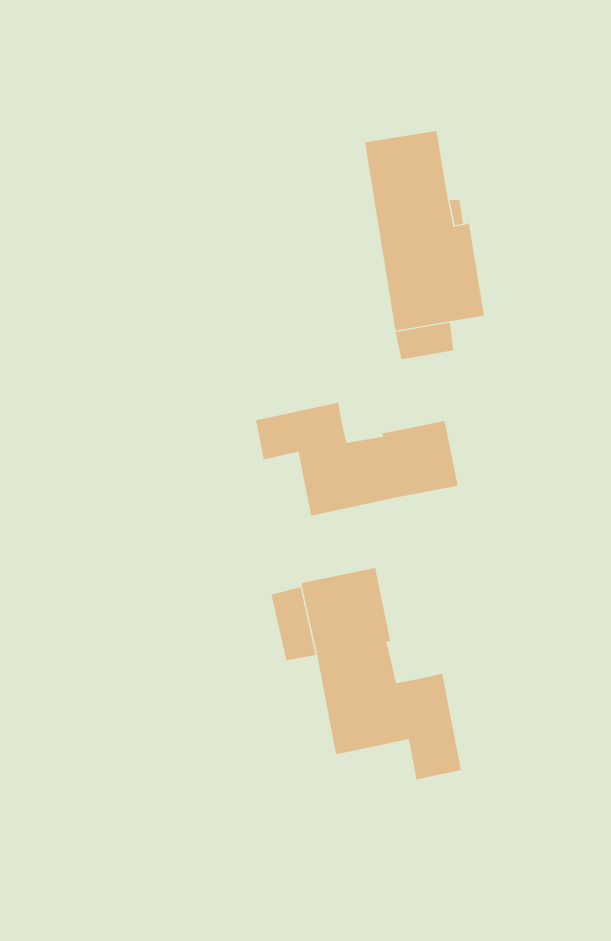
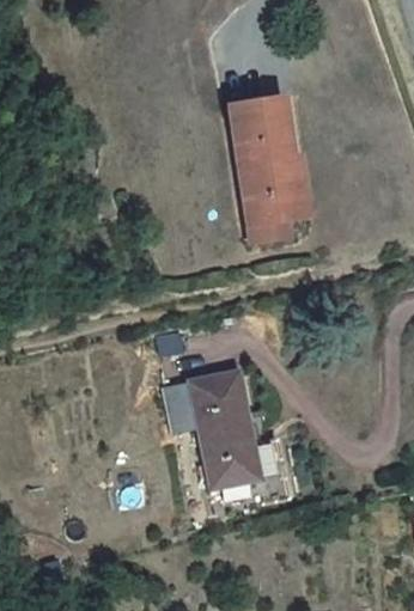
building: [255,402,459,517] -> none

